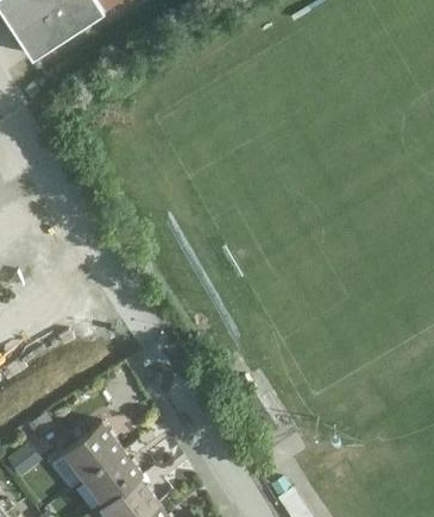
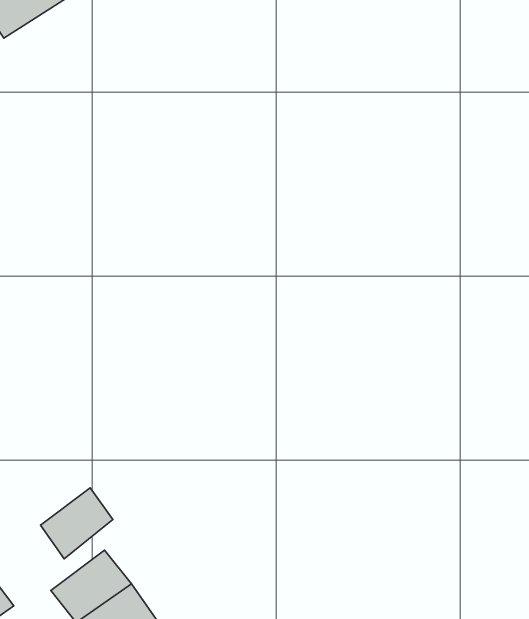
building: none -> [40,488,113,559]

